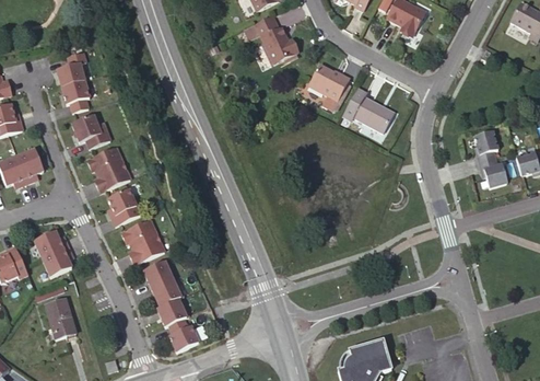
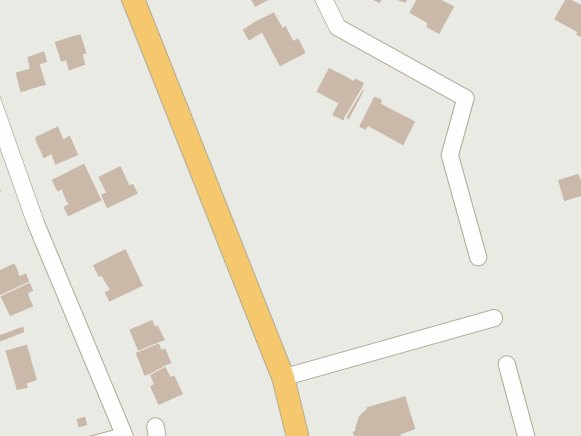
building: [59,79,87,111] -> [54,34,88,71]
building: [473,132,506,189] -> none
building: [107,187,142,224] -> [97,165,139,209]
building: [142,258,172,286] -> none

